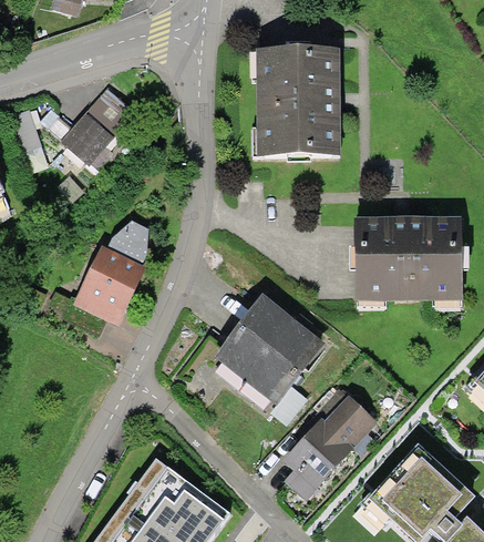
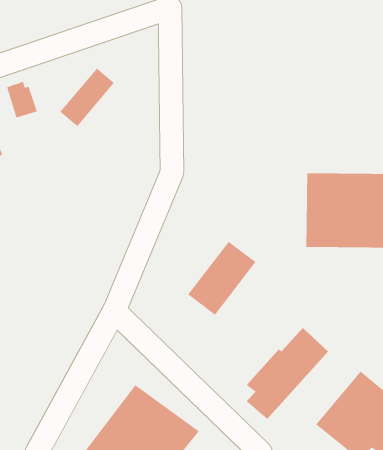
building: [254,52,338,160] -> none
building: [56,221,145,337] -> none
building: [248,318,326,425] -> none

